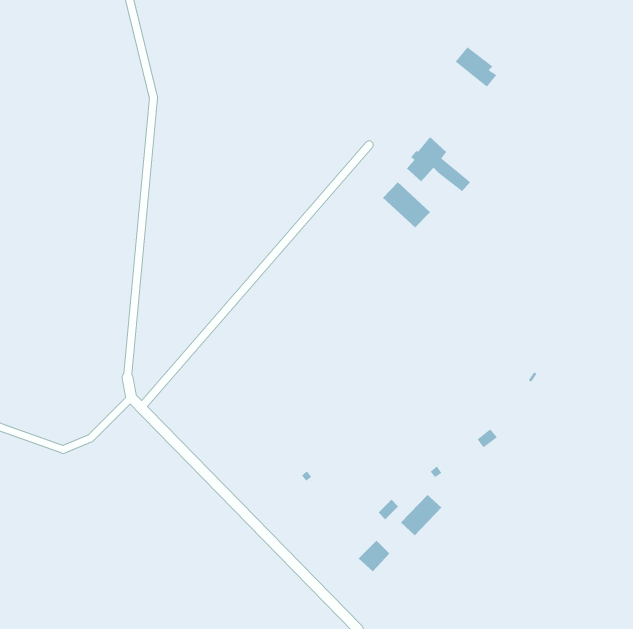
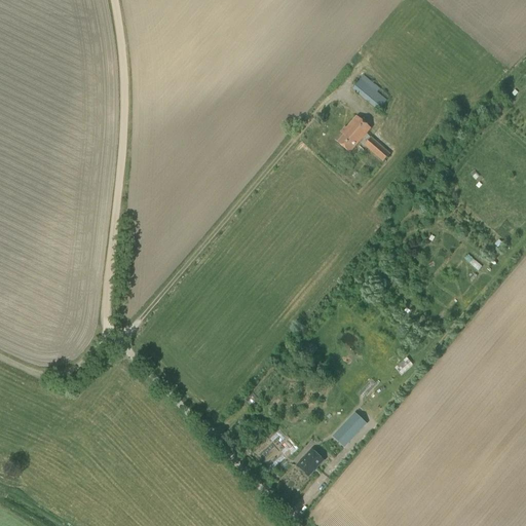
building: [455,47,497,88] -> [352,74,387,108]
building: [382,182,431,228] -> none

